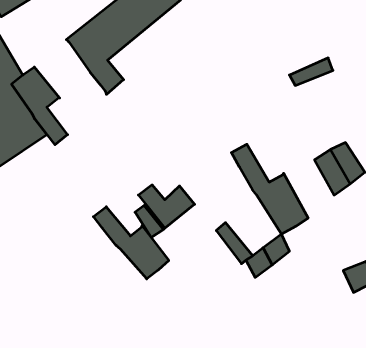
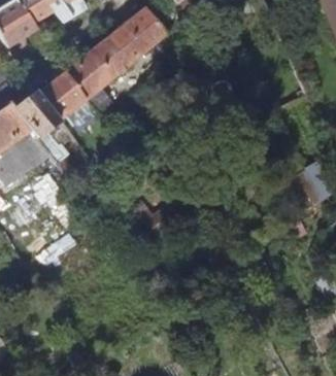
building: none -> [36,70,100,133]
building: [231,144,308,234] -> none
building: [93,207,169,279] -> none

